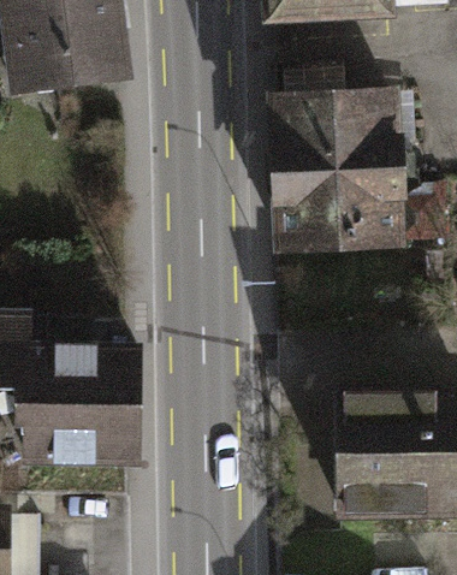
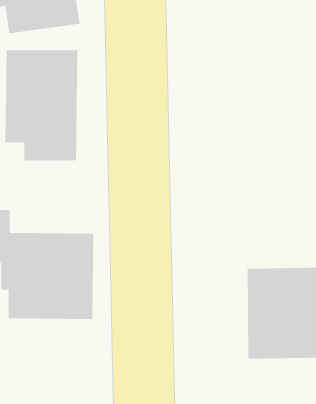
building: [272,96,394,247] -> none
building: none -> [5,50,78,161]

